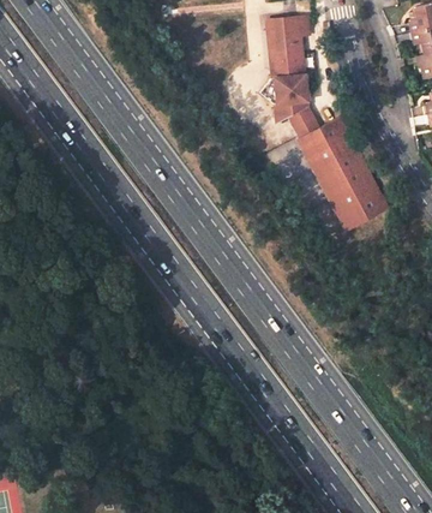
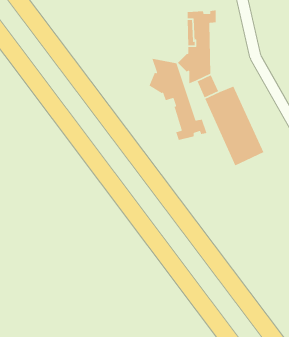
building: none -> [149,58,208,141]

